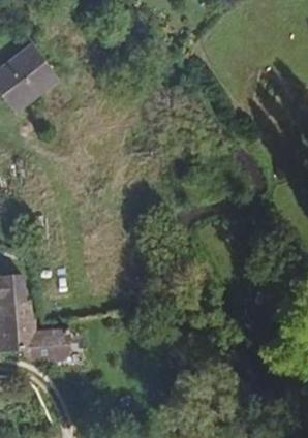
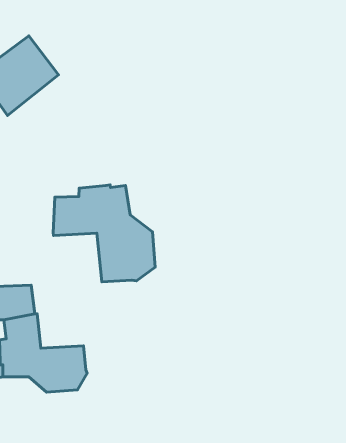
building: none -> [53,185,155,282]

